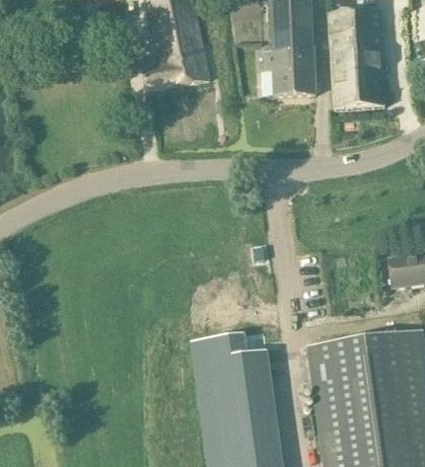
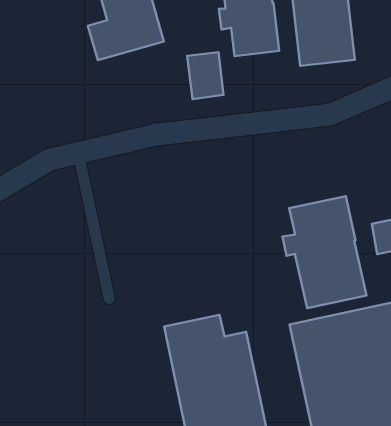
building: none -> [187,52,223,99]
building: none -> [283,196,367,308]

